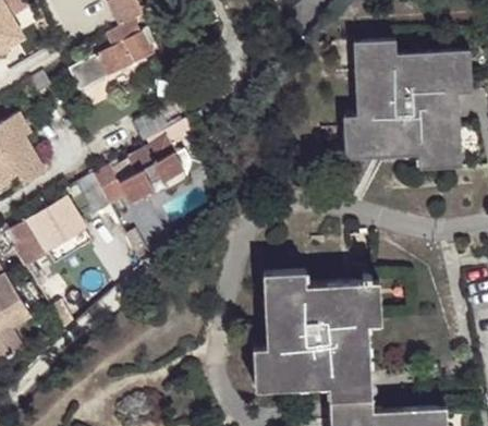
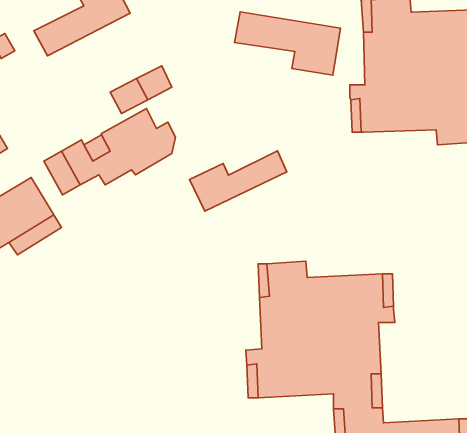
building: none -> [234,12,341,75]
building: none -> [190,151,287,211]

